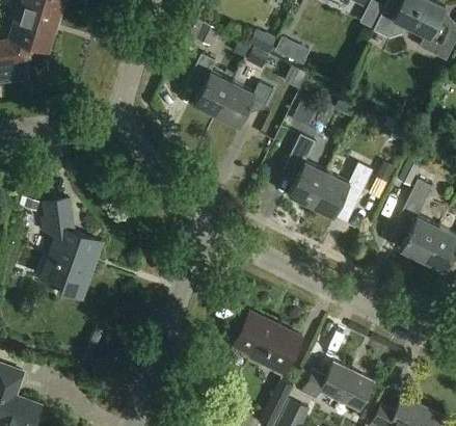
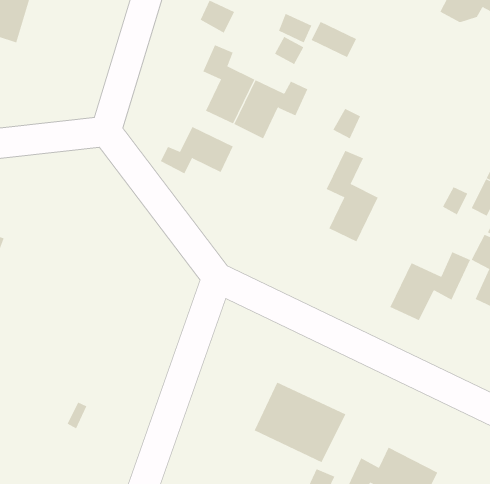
building: none -> [160,126,234,174]
building: [310,163,372,216] -> [389,252,471,321]
building: [42,199,101,298] -> none

